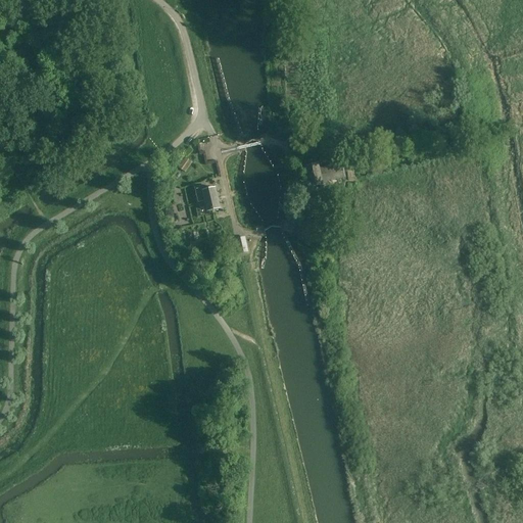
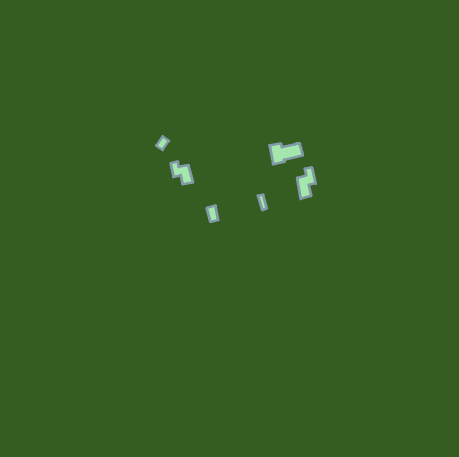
building: none -> [297,167,316,199]

